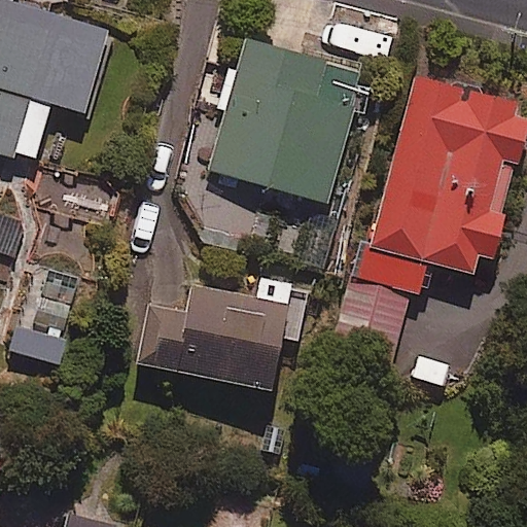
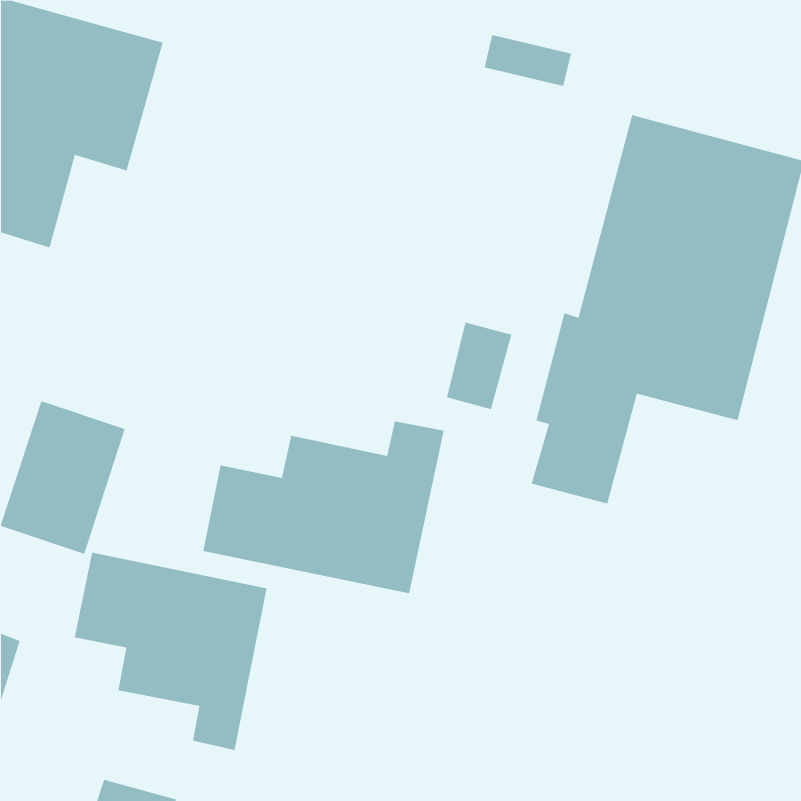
building: [207,38,363,203] -> none
building: none -> [74,552,267,751]

